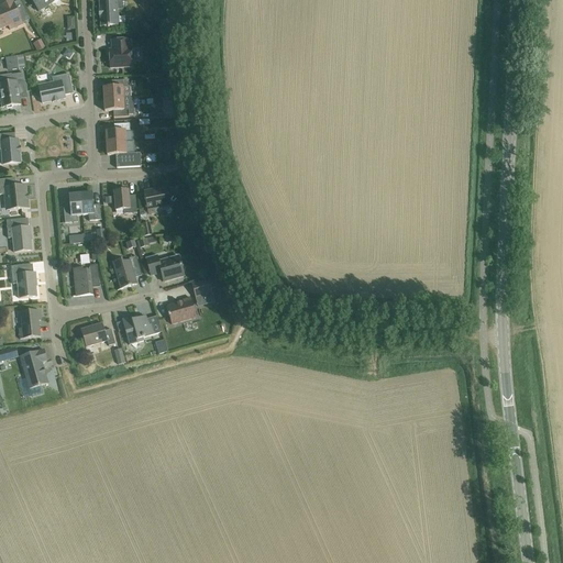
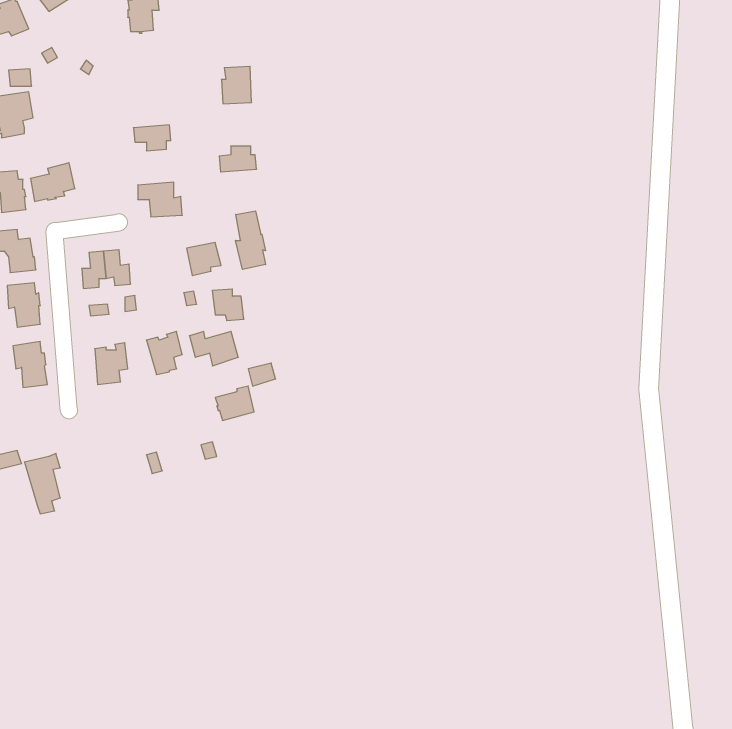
building: [108,37,131,66] -> [221,66,252,104]
building: [37,71,71,101] -> [30,163,75,201]
building: [102,78,130,98] -> none
building: [104,122,133,142] -> [219,146,257,172]
building: none -> [235,211,265,269]
building: [112,188,136,212] -> [212,289,244,321]
building: [18,308,40,338] -> none
building: [121,314,161,343] -> none
building: [80,321,114,345] -> none

